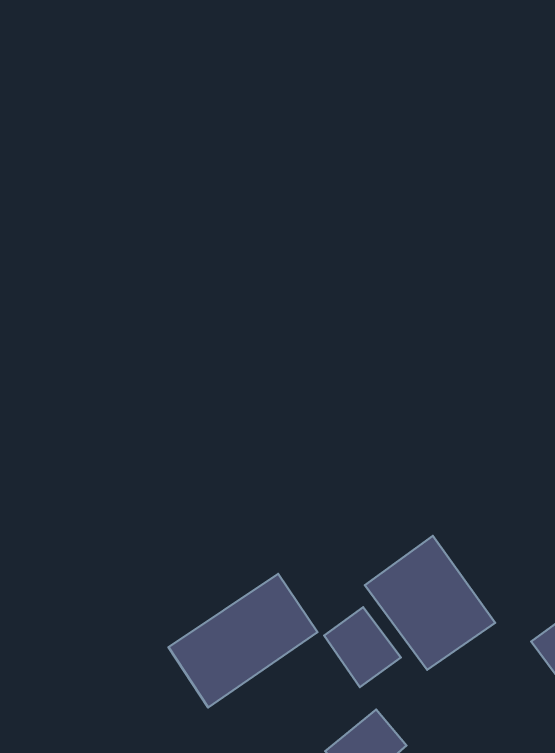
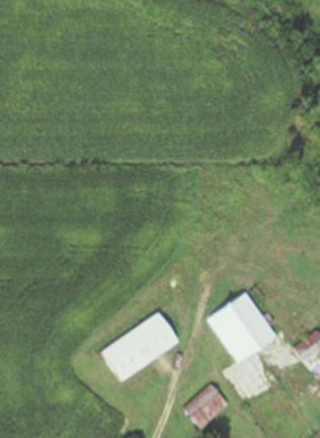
building: [324,607,401,687] -> none

